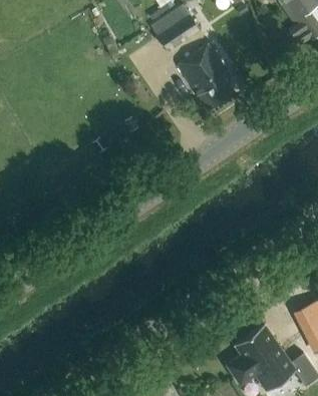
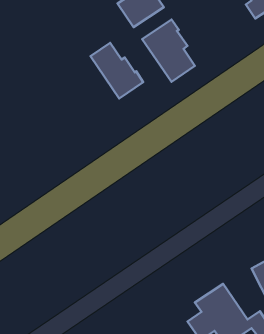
building: none -> [91,43,143,99]

